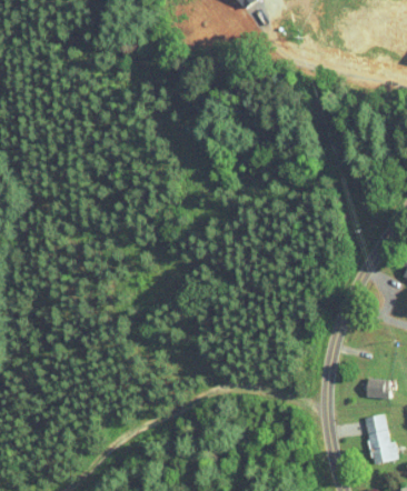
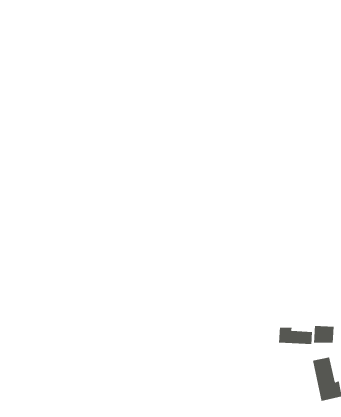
building: none -> [278,327,313,345]

